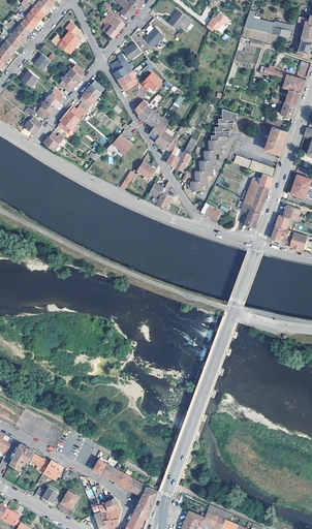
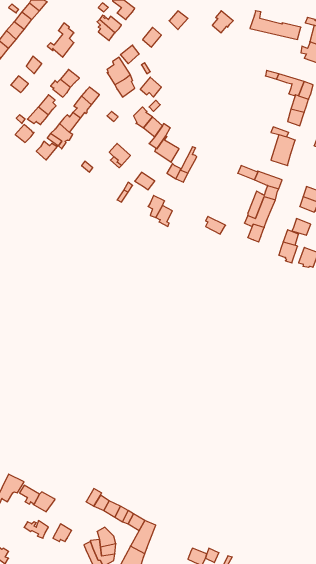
building: [193,108,238,191] -> none

